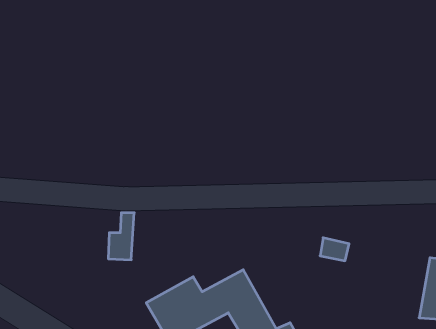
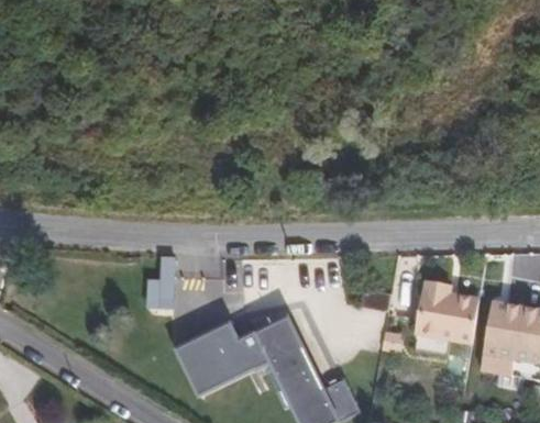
building: none -> [420,280,484,342]

